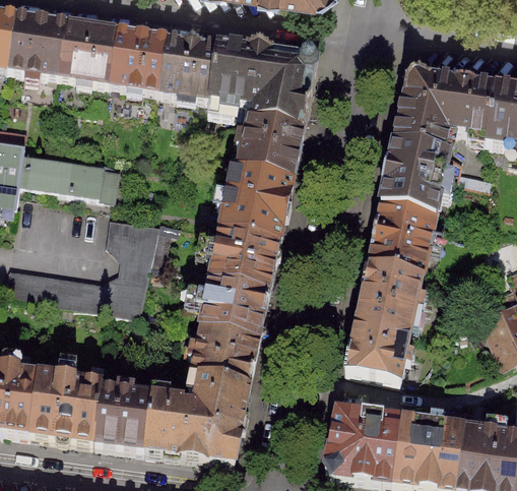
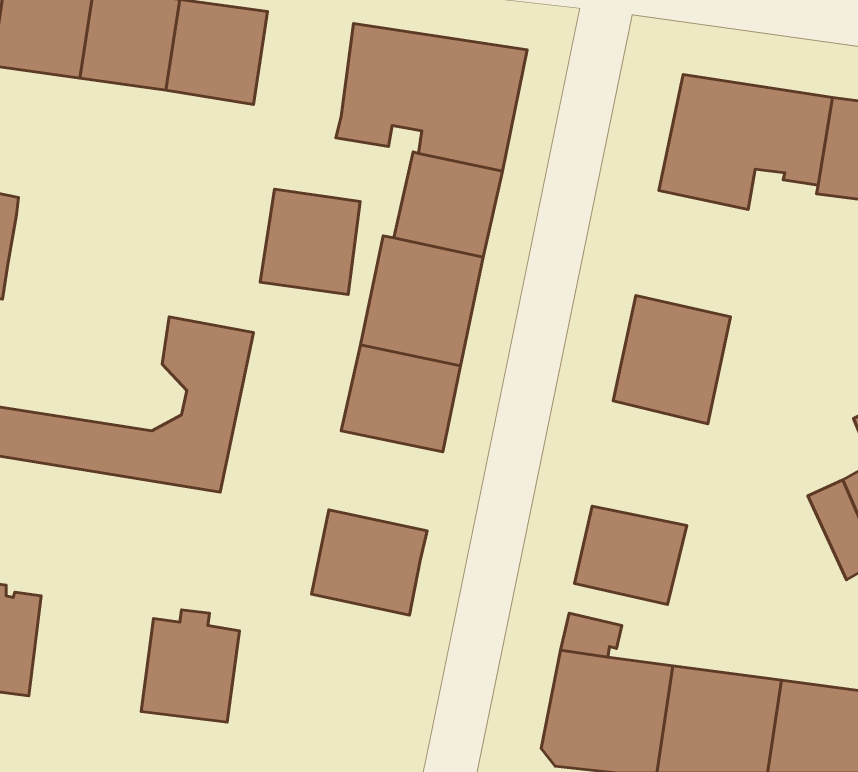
building: [158,35,216,96] -> [260,189,360,294]
building: [380,138,448,211] -> none
building: [16,152,116,195] -> none
building: [354,260,422,332] -> none
building: [199,278,268,335] -> none
building: [28,369,102,440] -> none
building: [143,372,249,458] -> none

